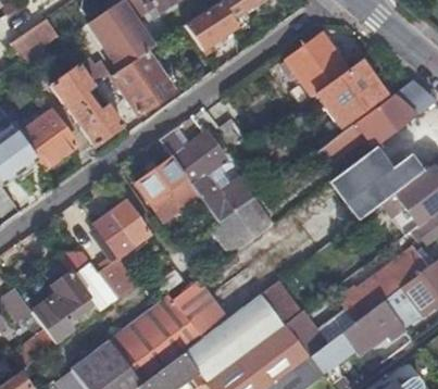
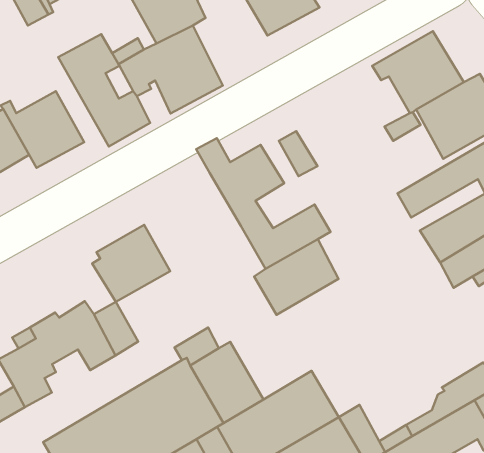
building: [136,156,198,218] -> none

